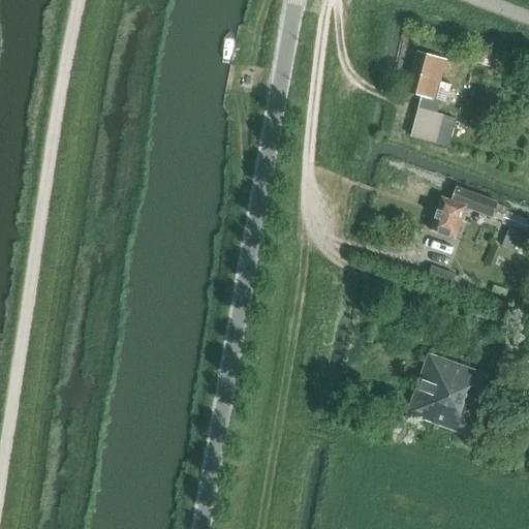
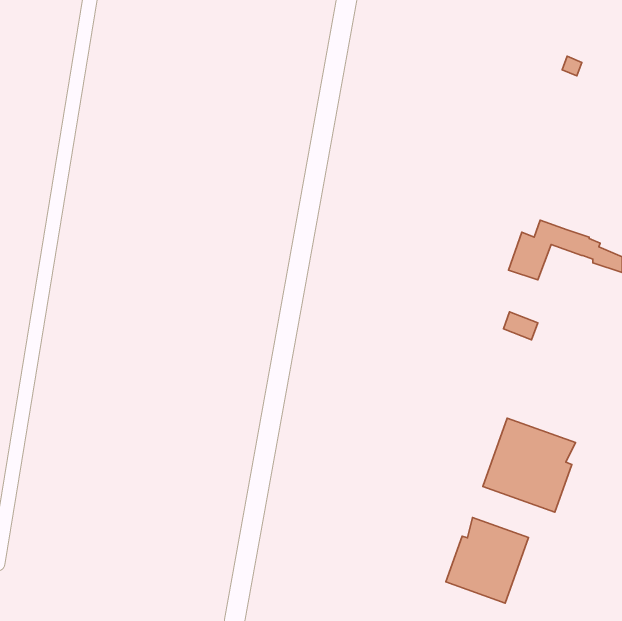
building: [406,51,448,142] -> none
building: none -> [446,517,529,603]

